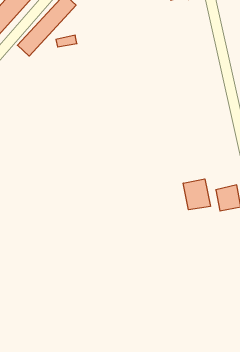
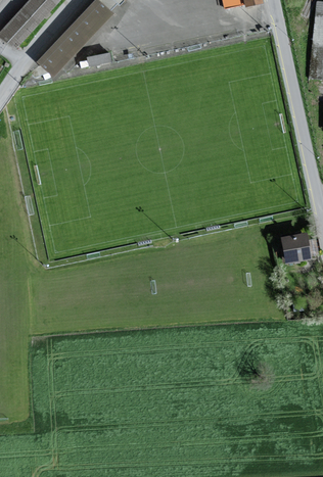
building: [183,179,210,210] -> none

